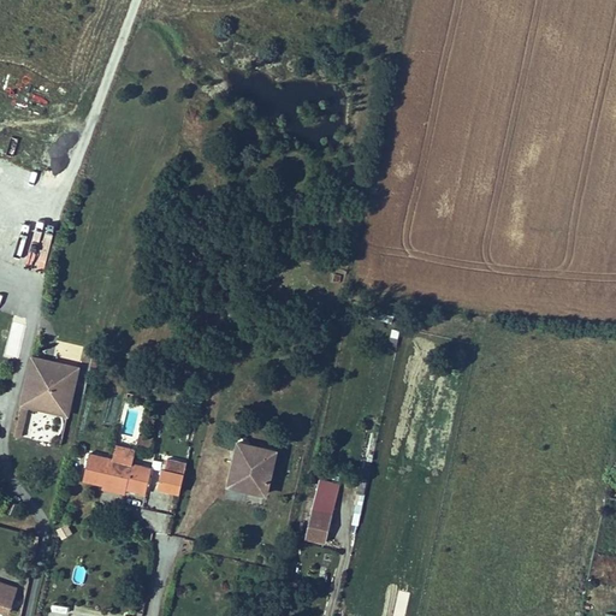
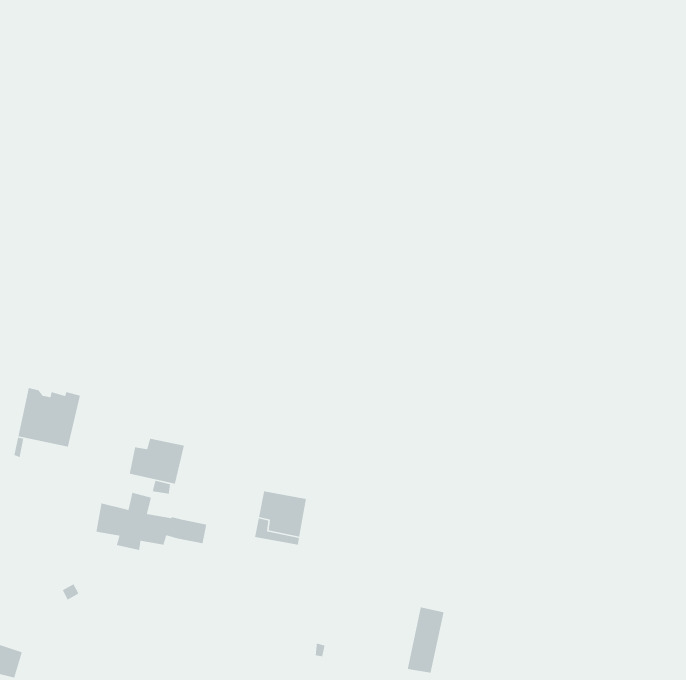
building: none -> [129,438,185,484]
building: [307,484,340,544] -> [407,606,445,674]

